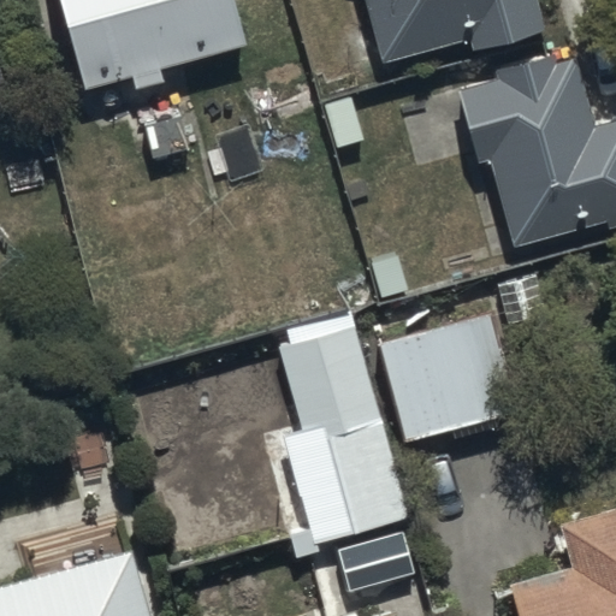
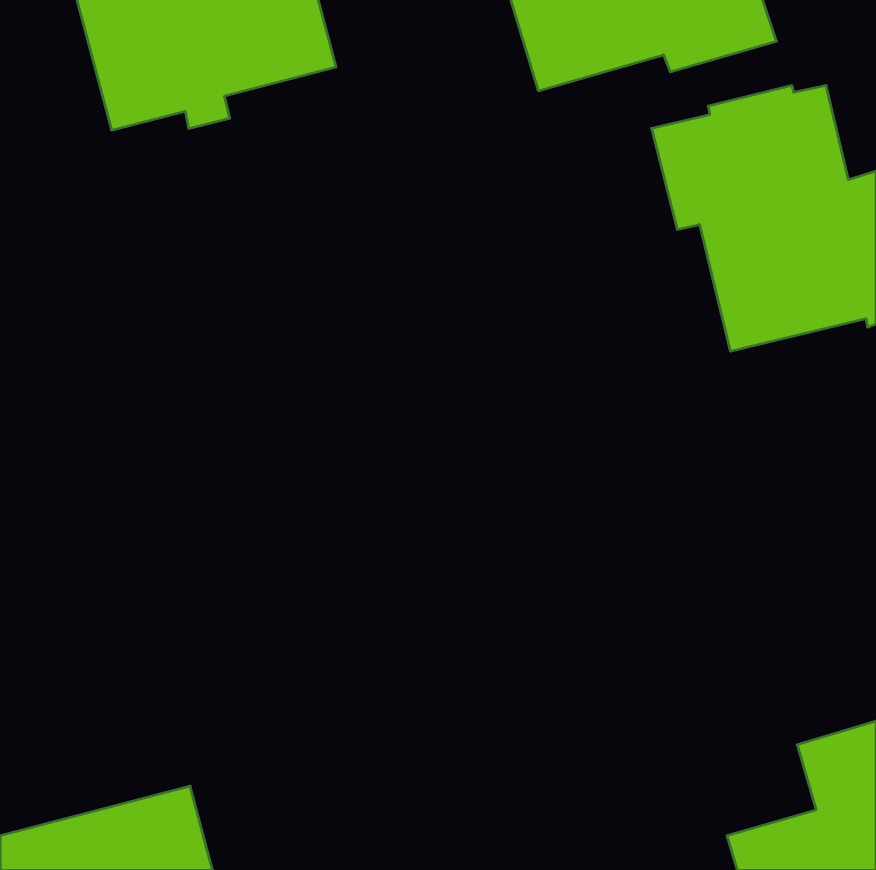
building: [381,318,520,440] -> none
building: [282,325,405,538] -> none

